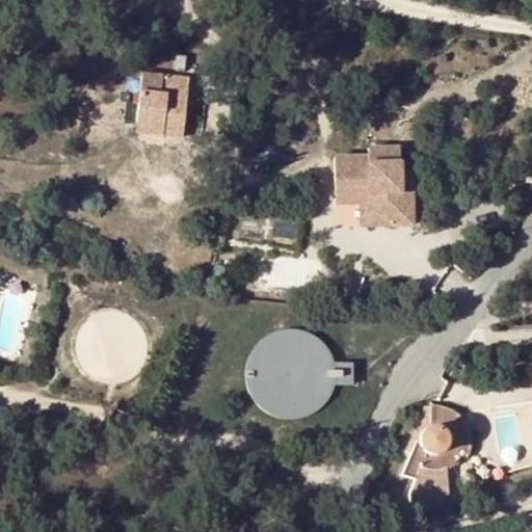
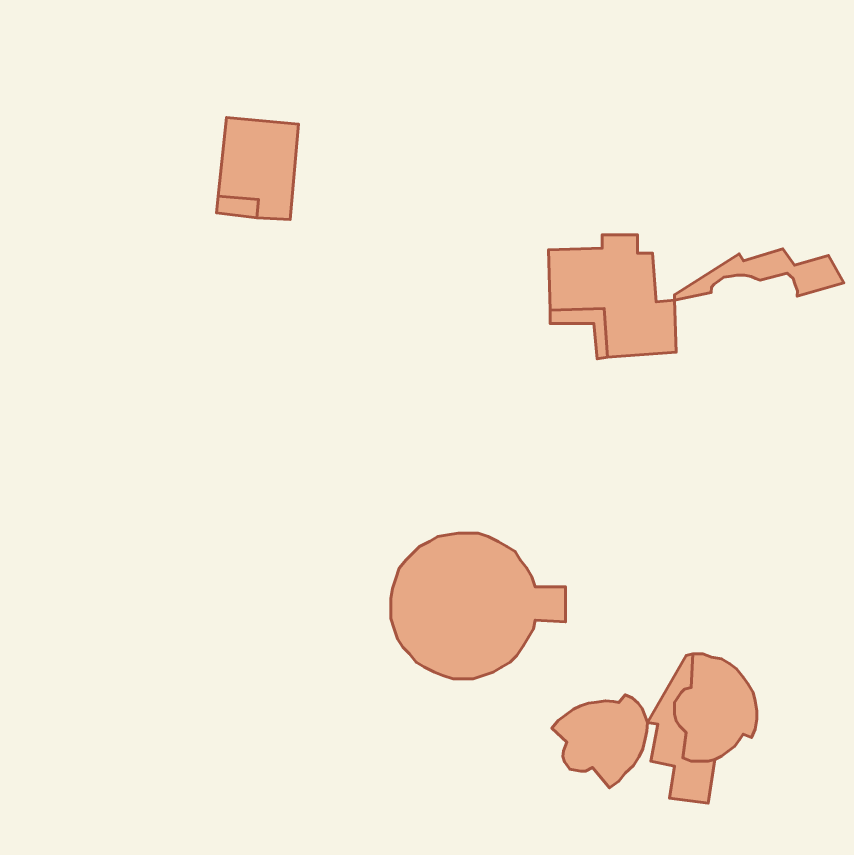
building: none -> [674,249,844,300]
building: none -> [552,695,648,788]

